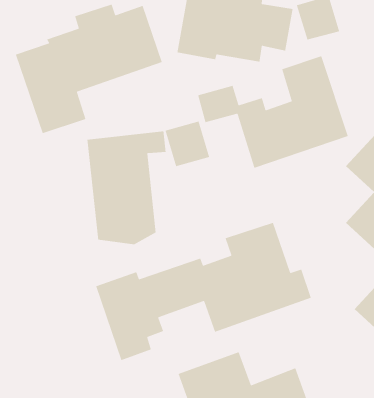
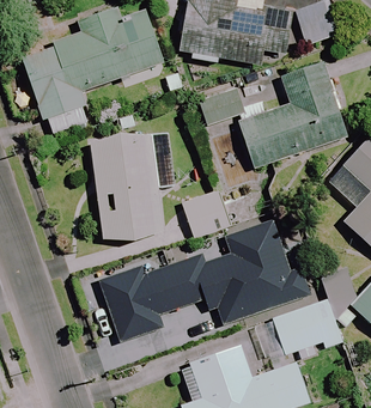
building: [165,120,210,167] -> [182,193,226,238]
building: none -> [269,296,345,358]

